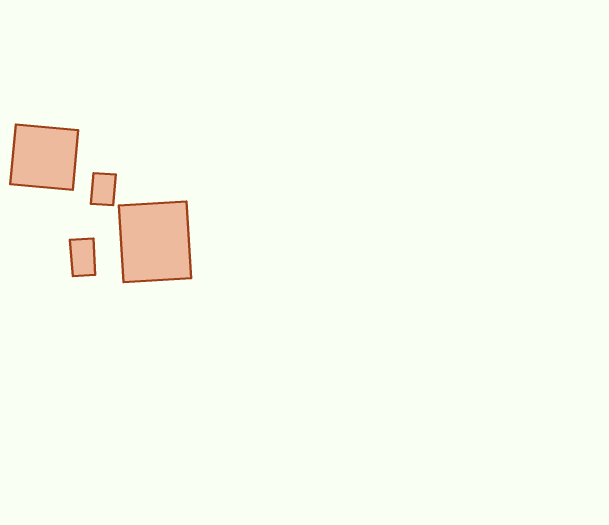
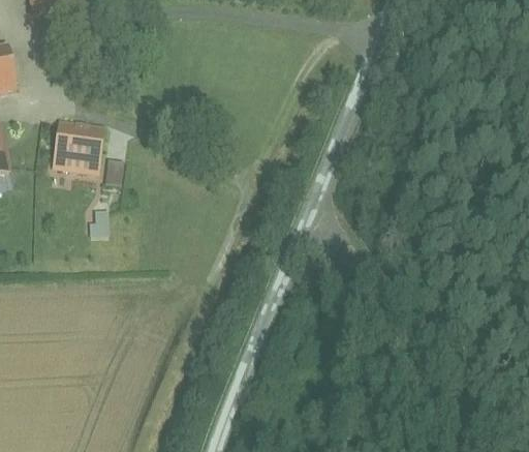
building: [119,202,191,282] -> none

